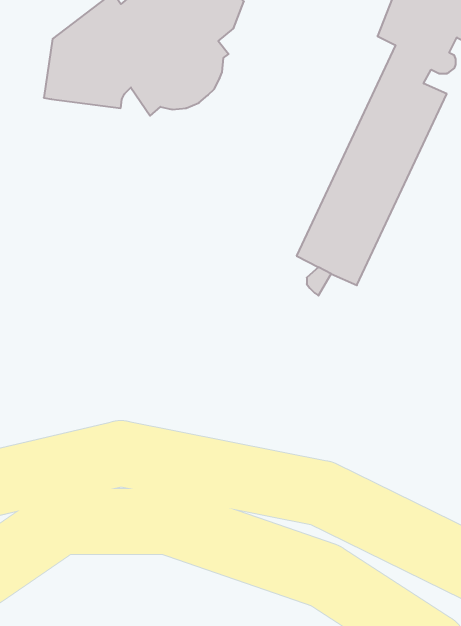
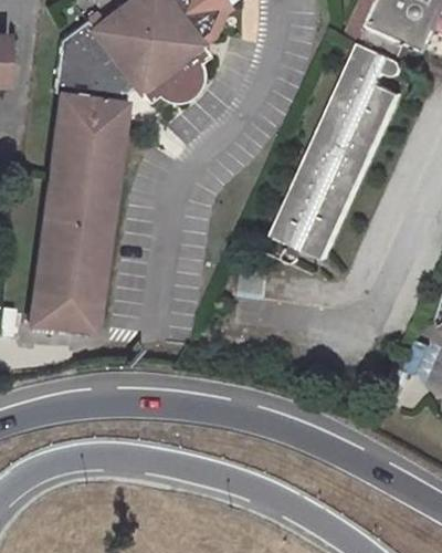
building: none -> [28,94,128,334]

